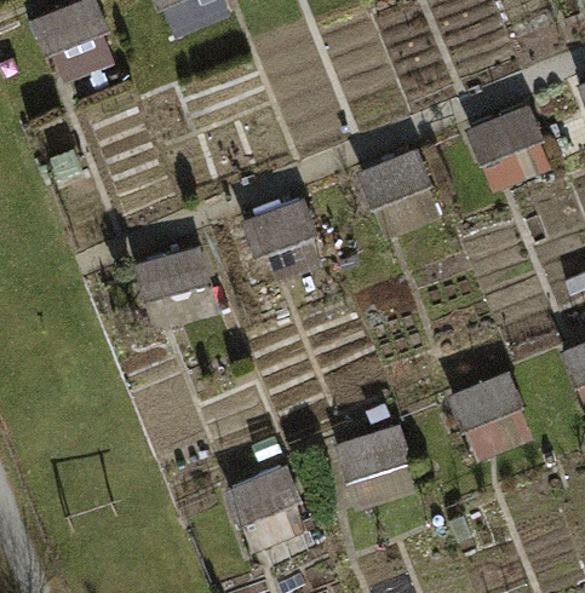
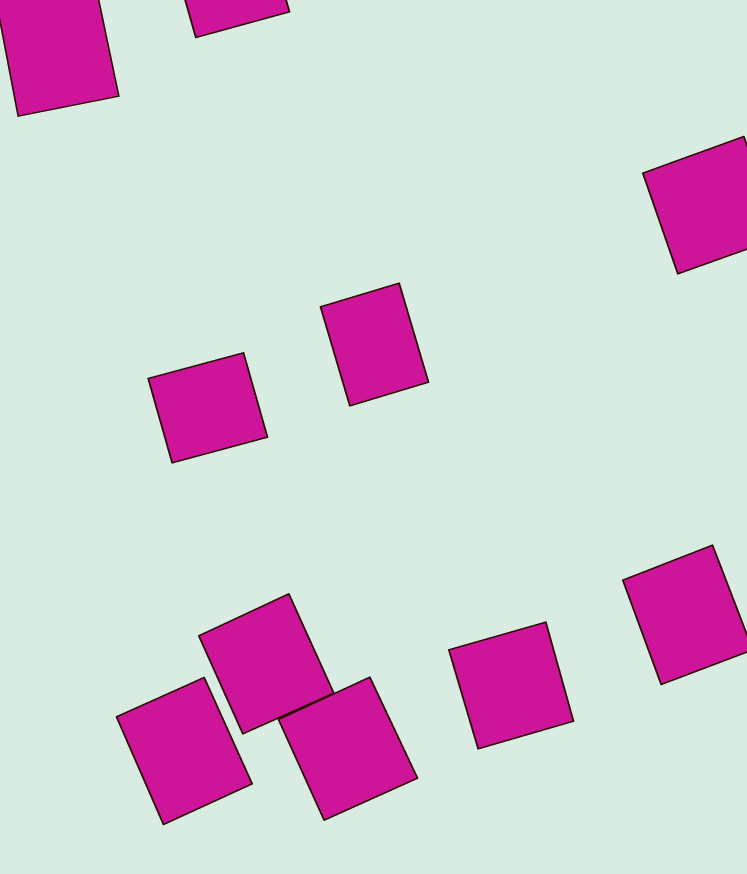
building: [363,152,440,237] -> none
building: none -> [199,594,334,734]
building: none -> [116,677,252,825]

